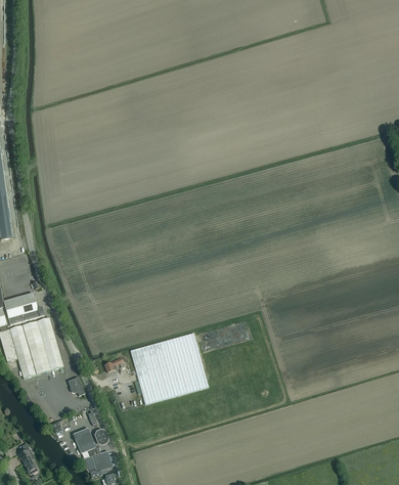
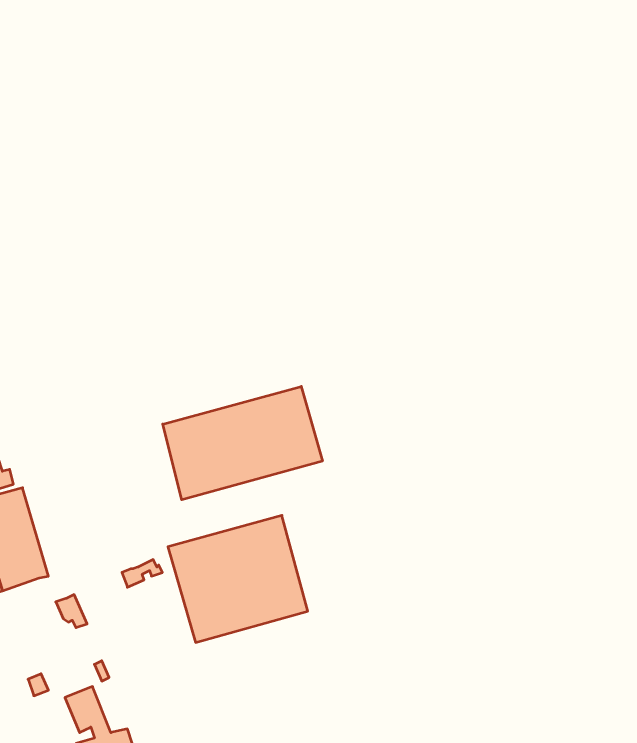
building: none -> [163,386,322,500]

